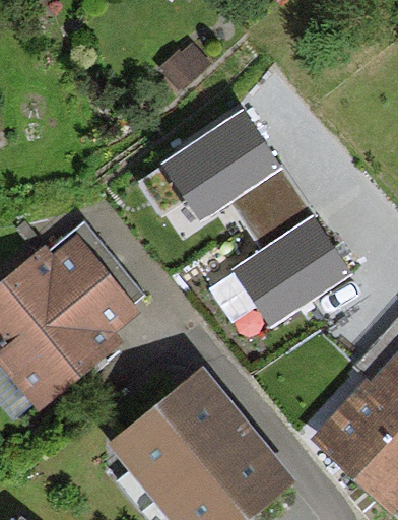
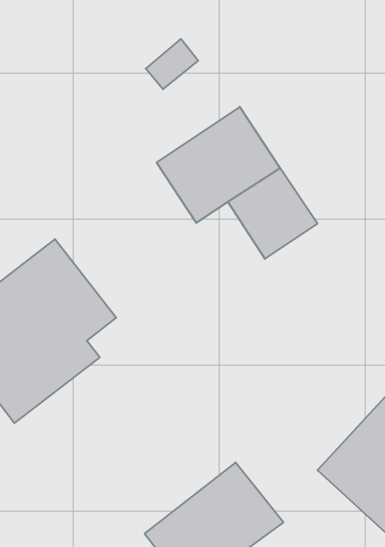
building: [237,216,351,322] -> none
building: [111,382,239,504] -> none

